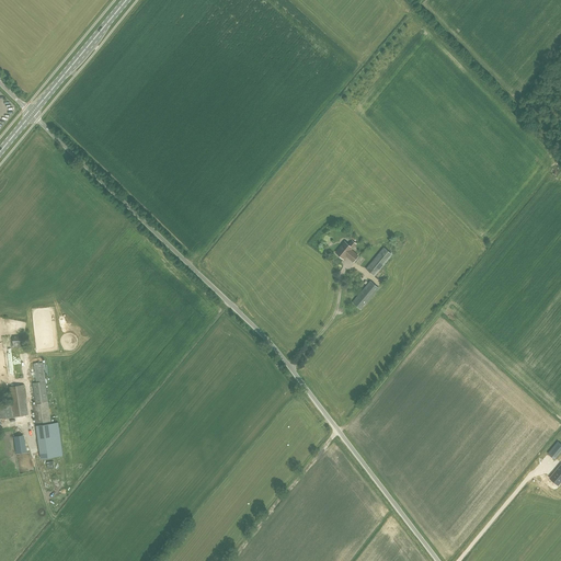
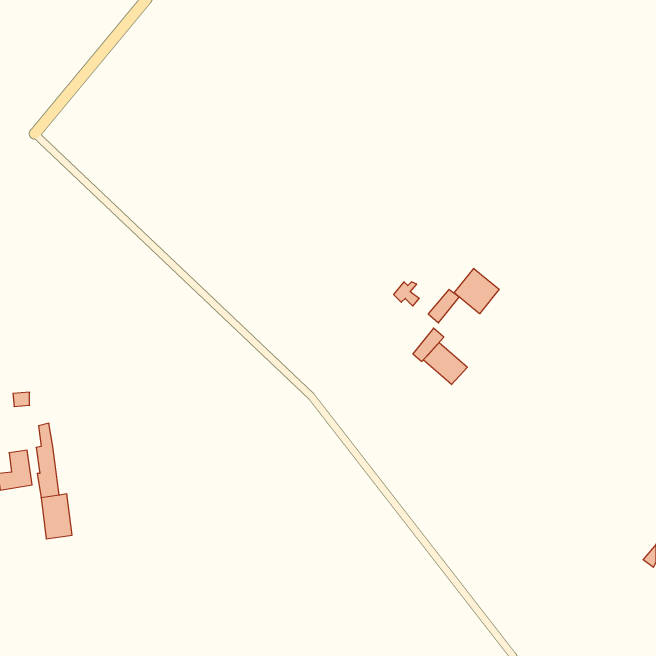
building: none -> [454,268,499,314]
building: none -> [423,343,467,385]

